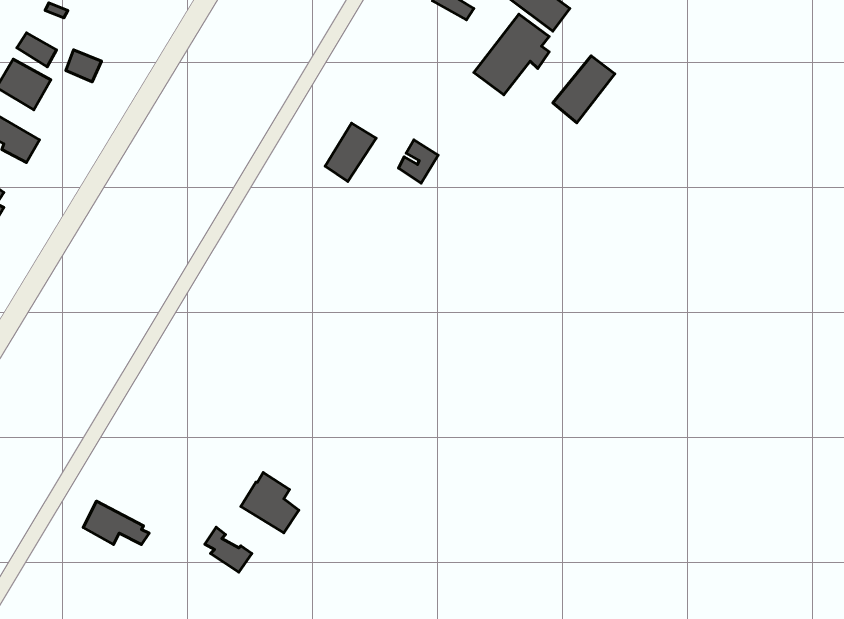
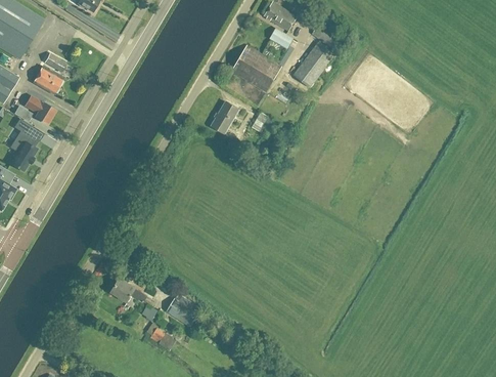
building: none -> [230,45,280,92]
building: [553,56,615,123] -> none
building: [83,501,149,545] -> [111,278,147,301]

